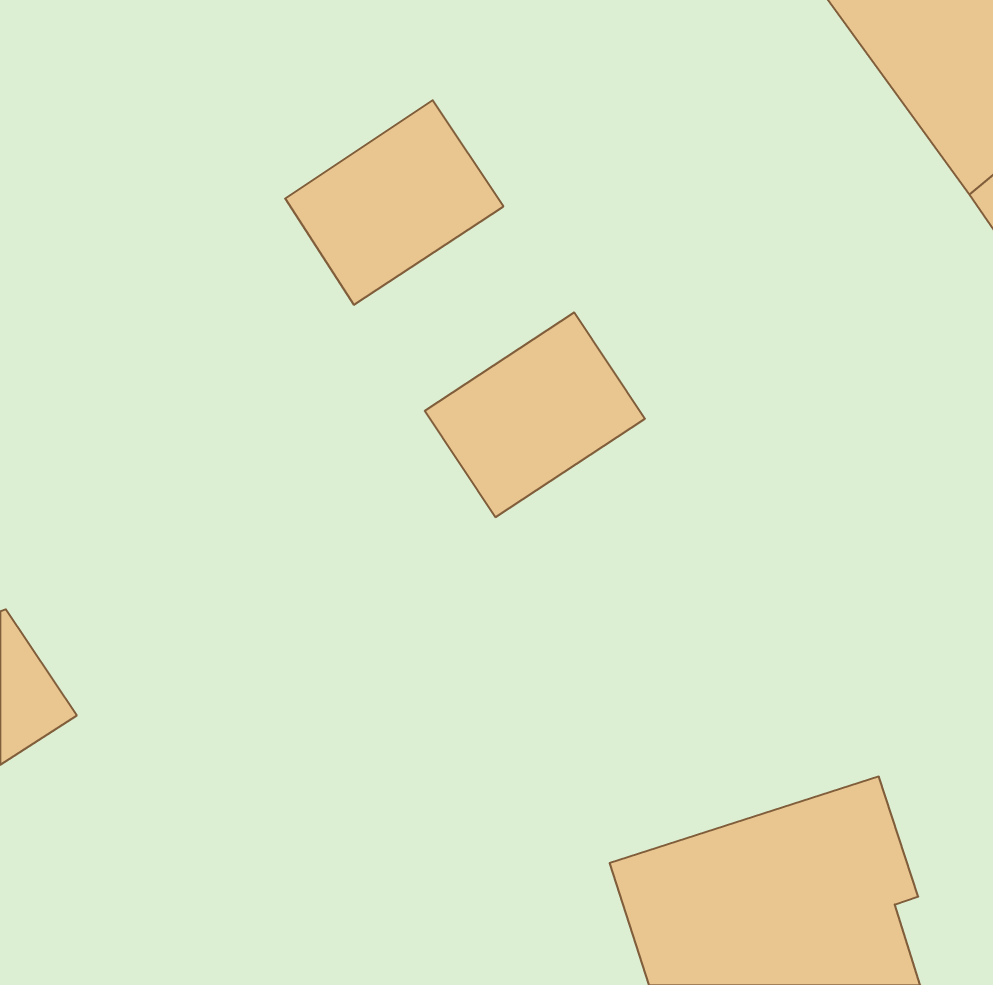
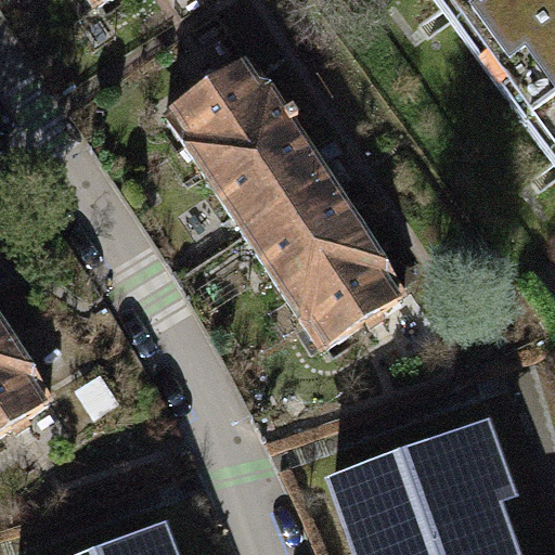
building: none -> [202,114,323,227]
building: none -> [280,231,400,344]

